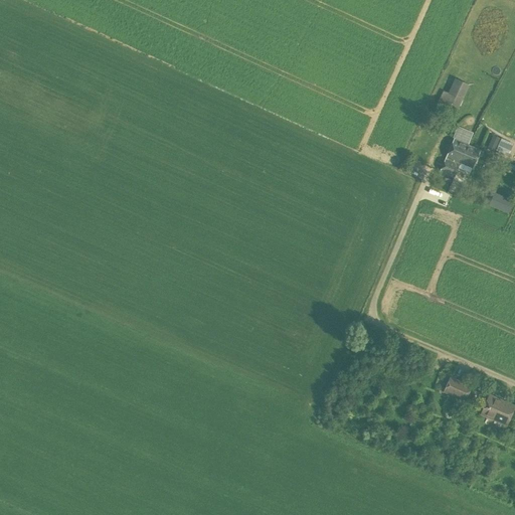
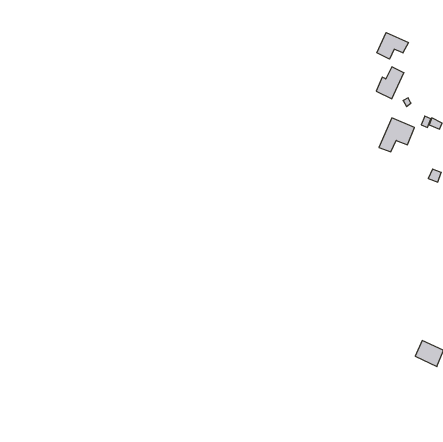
building: none -> [377,33,408,59]
building: [444,376,472,400] -> none

